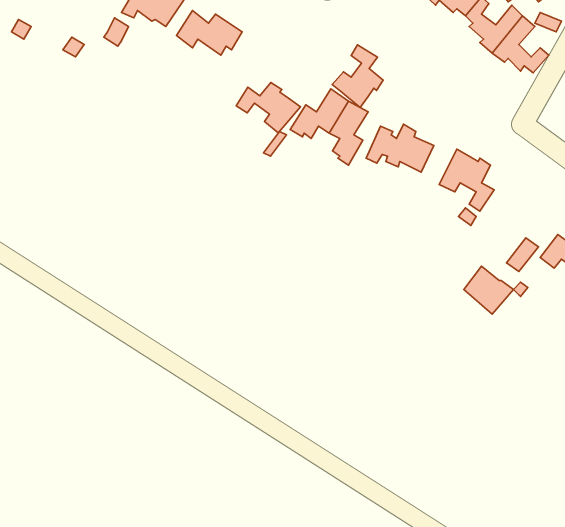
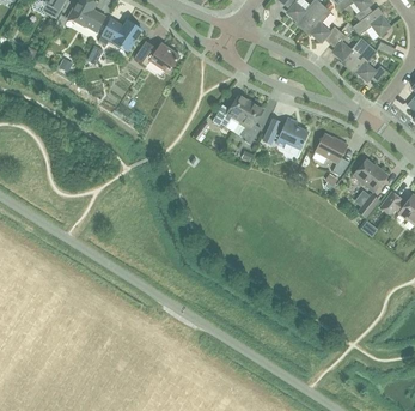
building: [332,45,383,107] -> none
building: [236,83,300,133] -> none
building: [464,266,514,314] -> [354,158,387,191]

